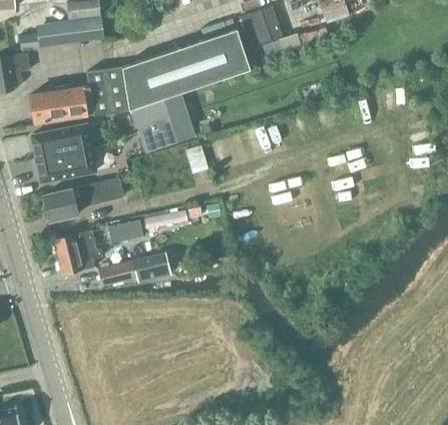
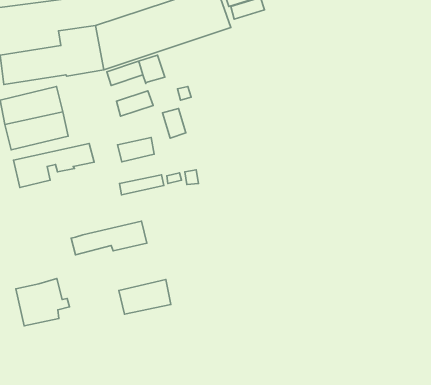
building: [107,221,142,244] -> [117,137,154,162]
building: [53,230,104,275] -> [16,278,69,326]
building: none -> [119,279,171,314]

